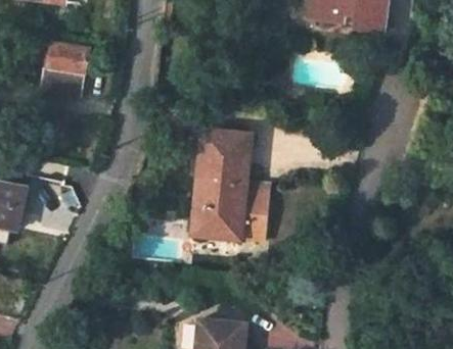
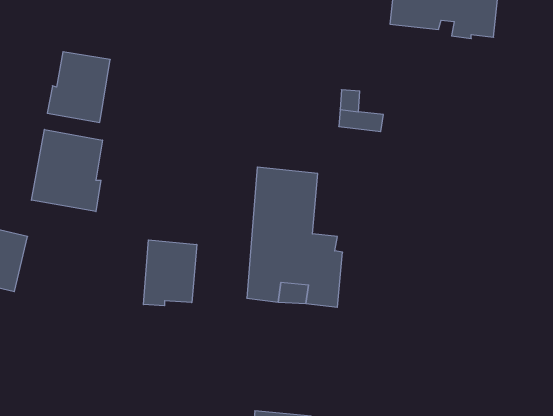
building: none -> [31,129,102,212]
building: none -> [143,240,197,306]

